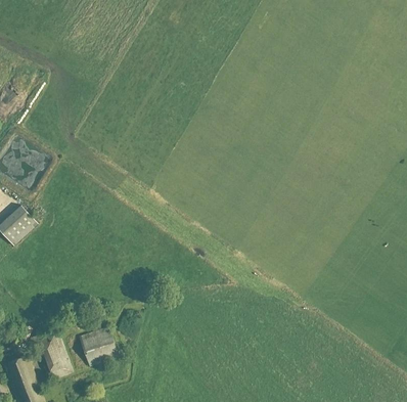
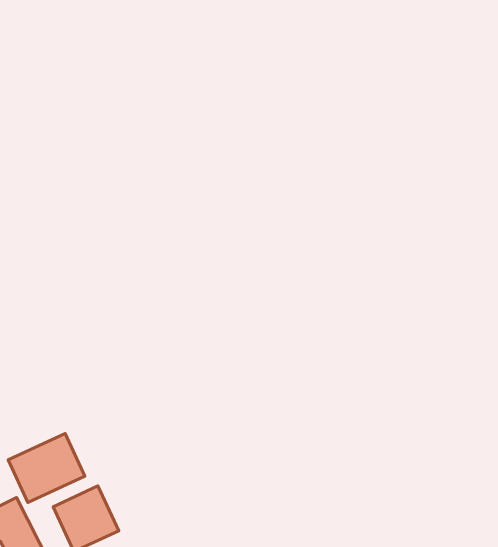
building: none -> [8,433,85,502]

